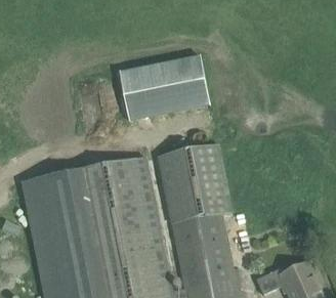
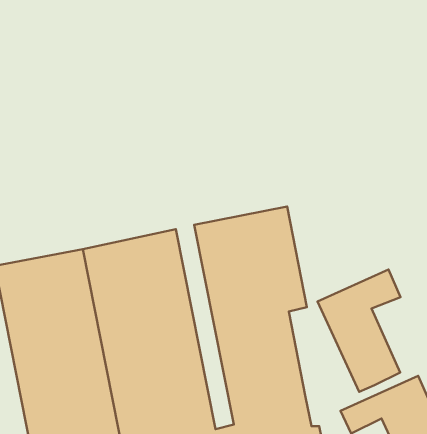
building: [118,54,208,121] -> none
building: none -> [318,270,400,392]

